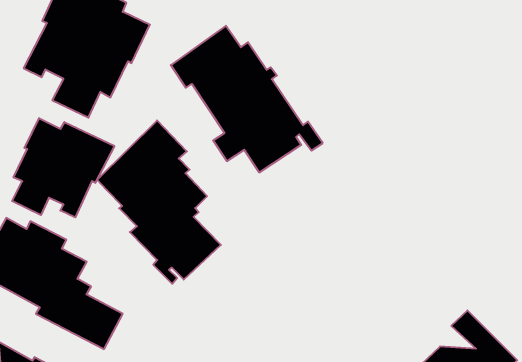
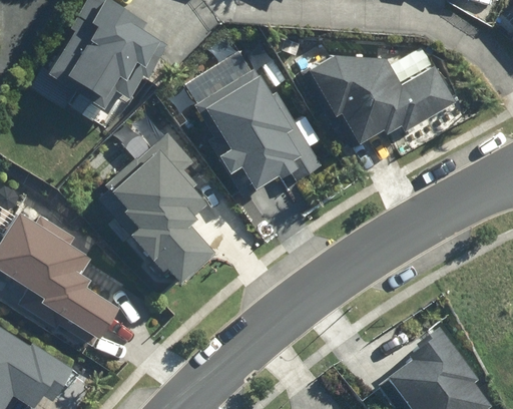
building: none -> [307,54,457,143]
building: [12,118,114,217] -> none

